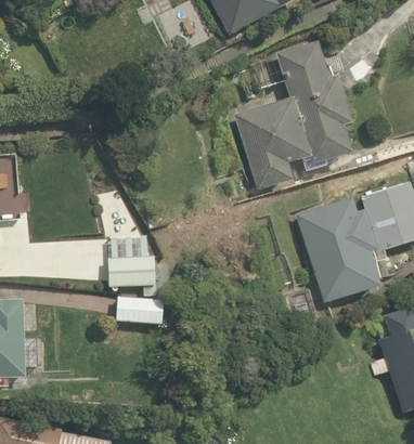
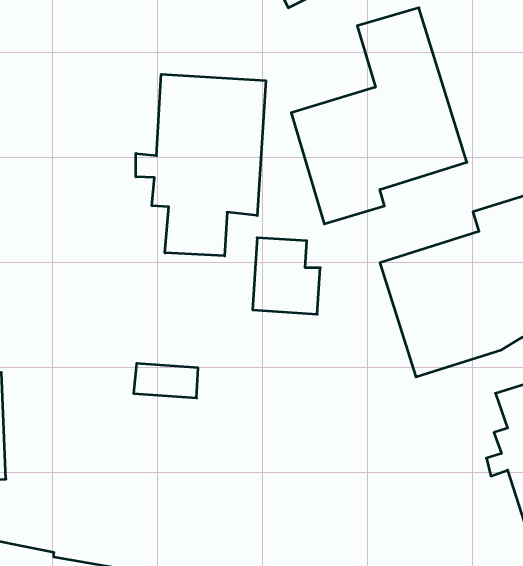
building: none -> [136,74,266,256]
building: [108,233,157,288] -> [253,238,320,314]

